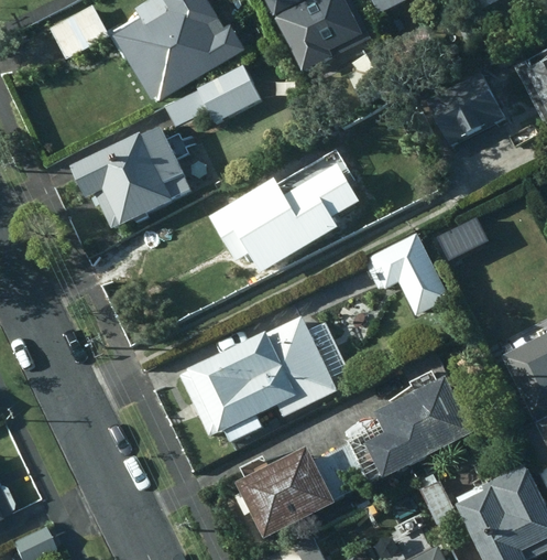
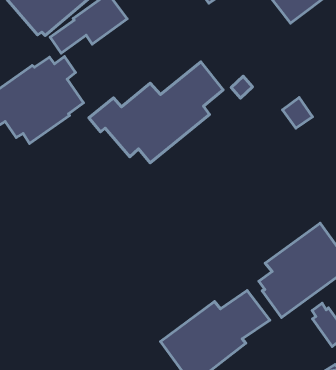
building: [365,233,450,314] -> none
building: [179,316,348,442] -> none

